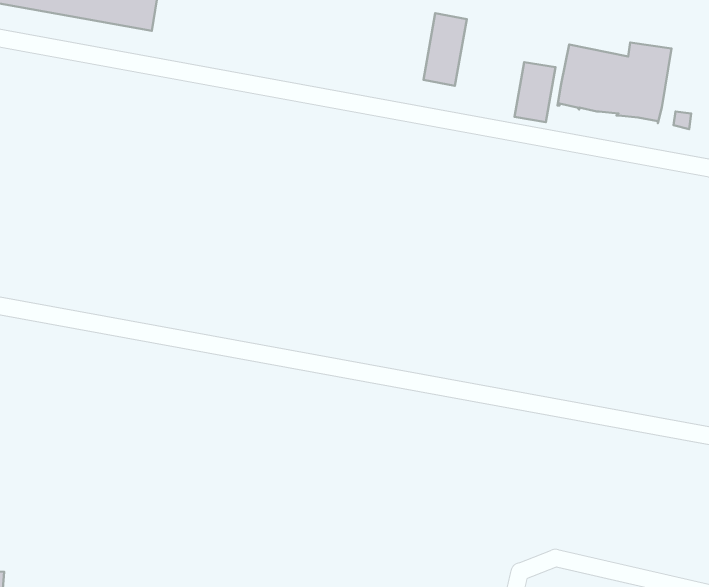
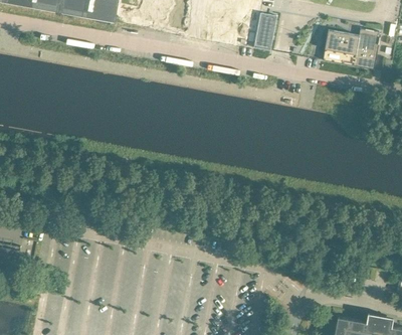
building: [515,62,555,122] -> none

